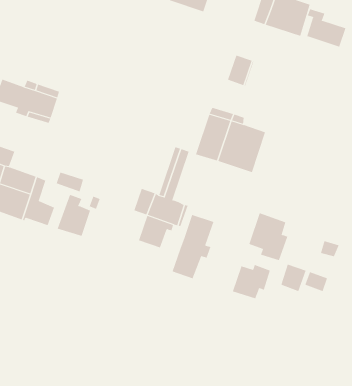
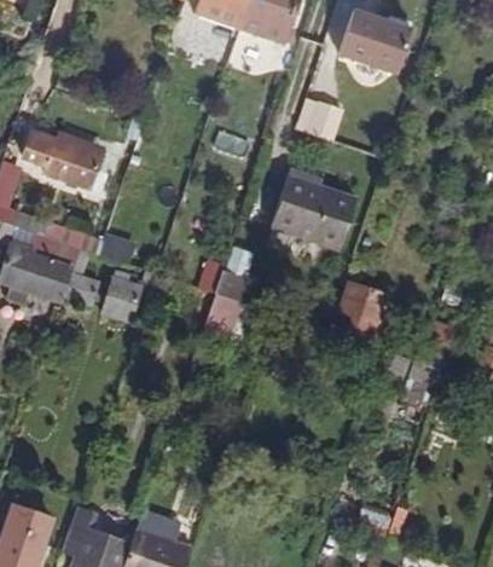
building: [307,9,346,47] -> none
building: [172,214,214,279] -> none
building: [232,264,271,299] -> none

